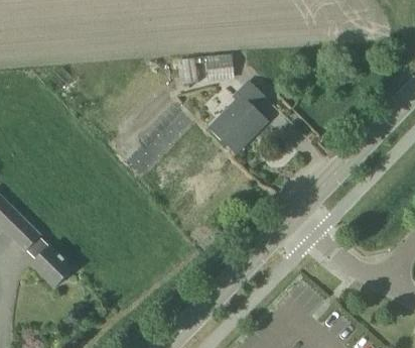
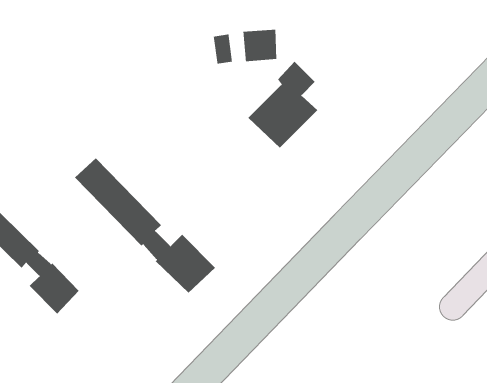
building: none -> [74,158,216,293]

